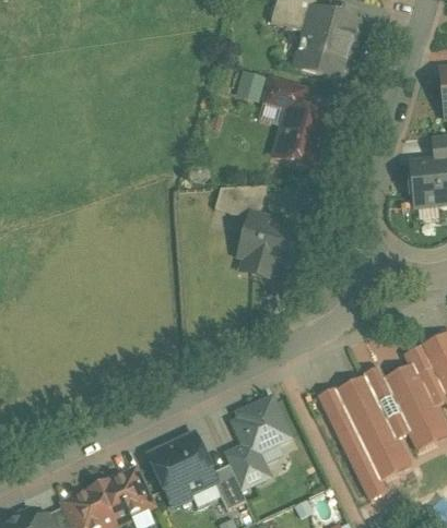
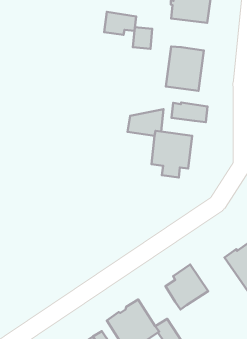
building: [262,75,308,109] -> [104,12,136,35]
building: none -> [171,102,207,122]
building: [224,443,269,488] -> none

